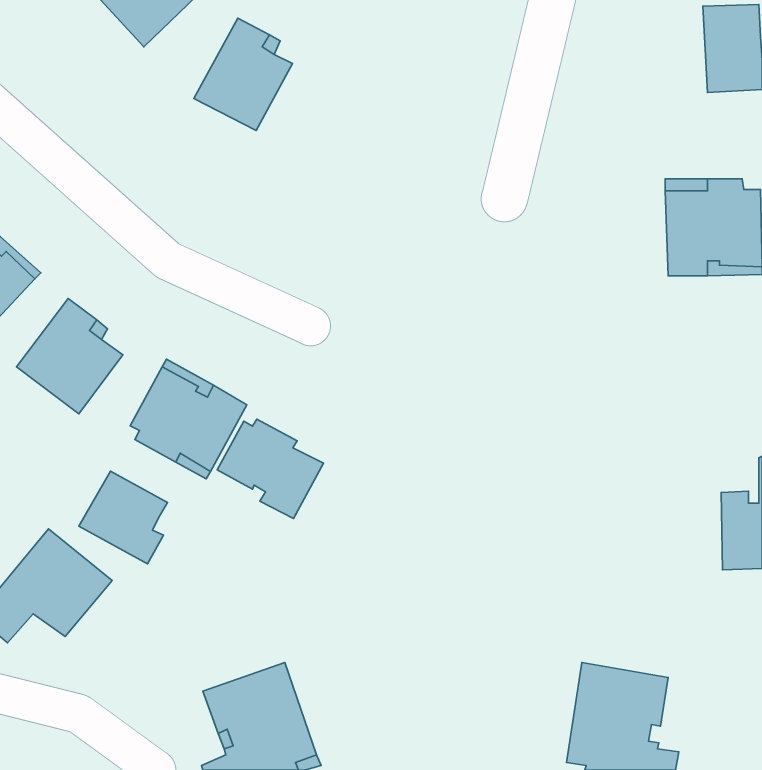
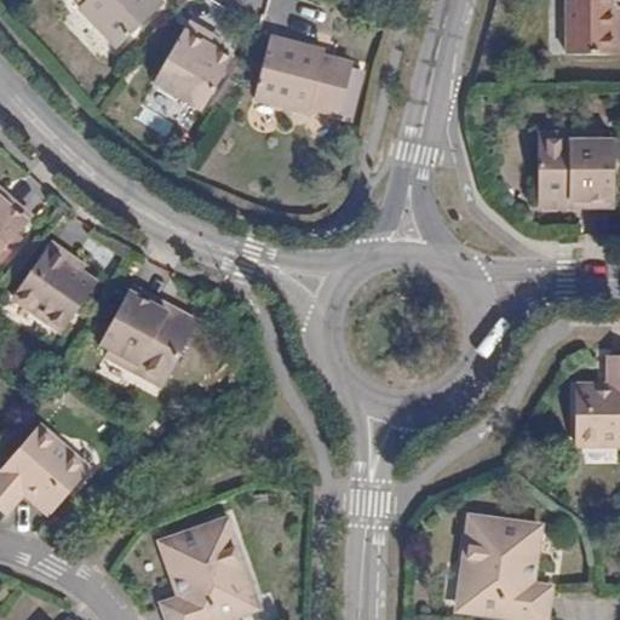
building: none -> [262,30,360,108]
building: [217,419,323,518] -> none
building: [79,471,168,564] -> none

